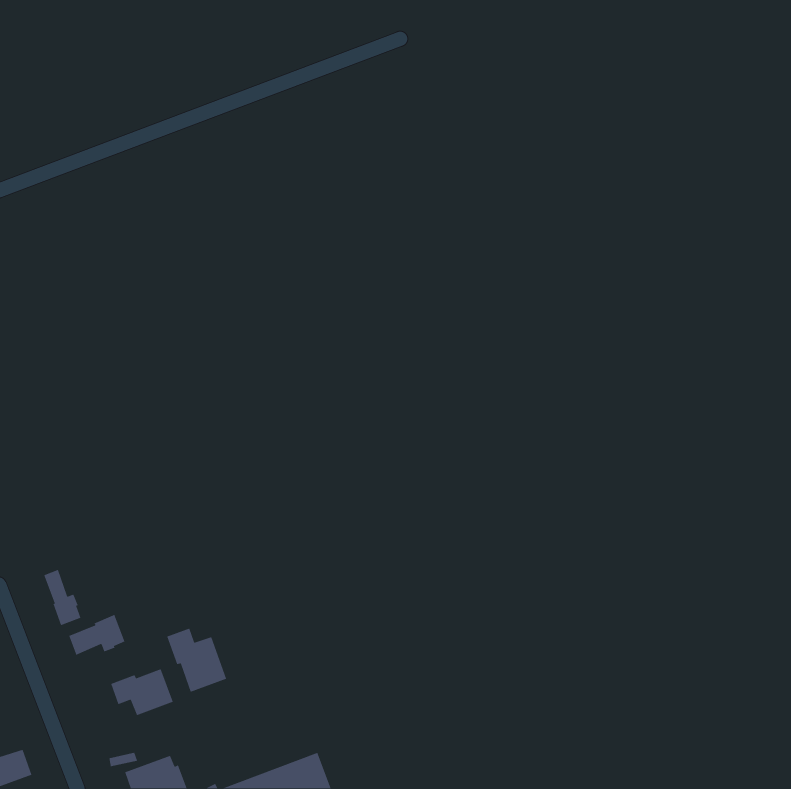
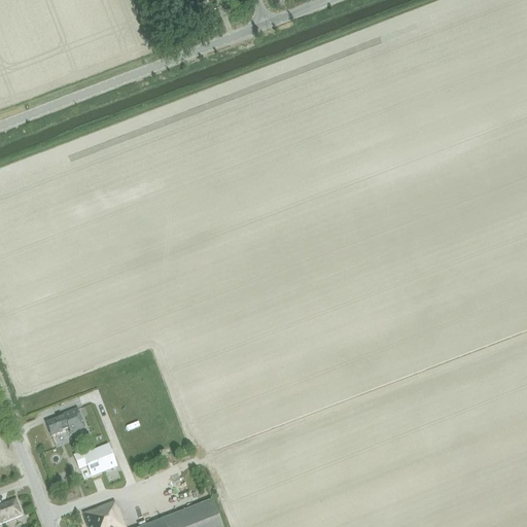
building: [43,569,82,626] -> none
building: [166,627,227,693] -> none

